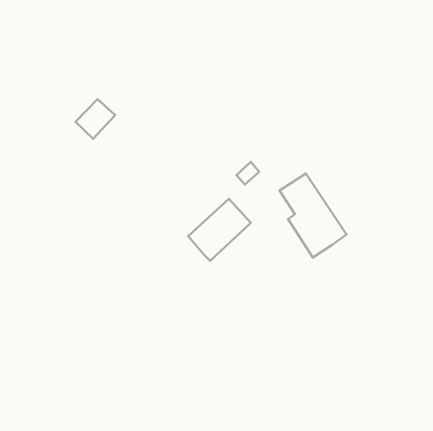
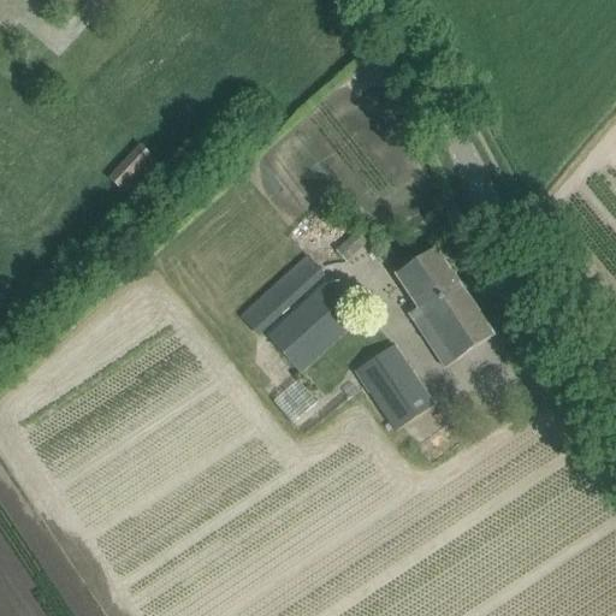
building: none -> [241,255,324,333]
building: none -> [355,344,433,430]

